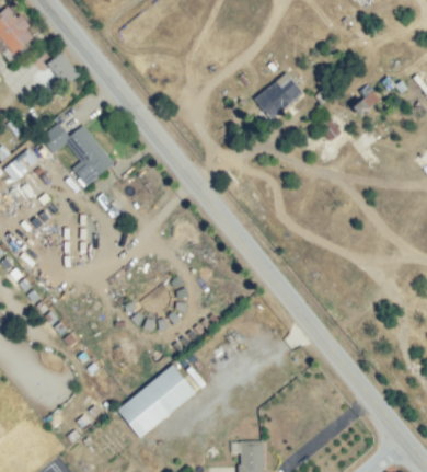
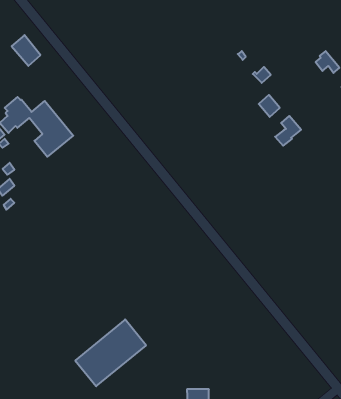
building: [254,71,303,118] -> none
building: [353,83,381,116] -> [275,116,301,146]

